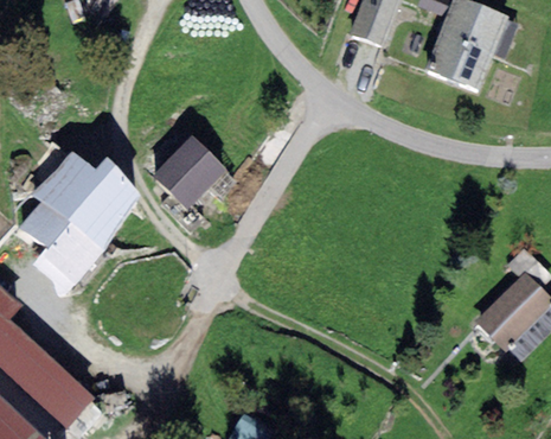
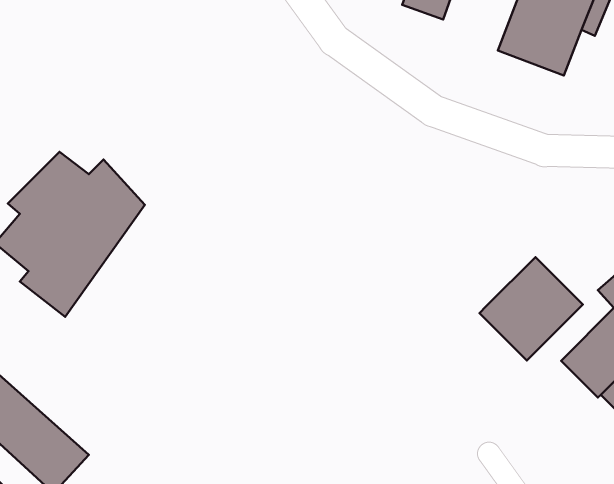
building: [153,136,225,208] -> none
building: none -> [479,257,583,360]

